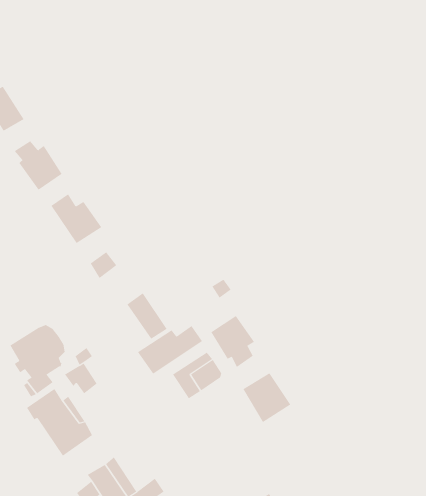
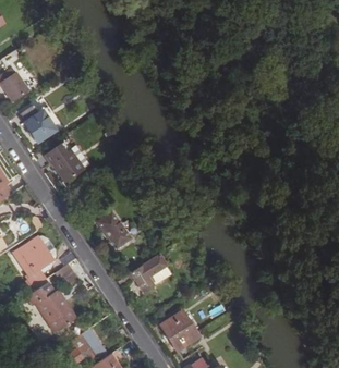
building: [210,315,255,368] -> none
building: [137,325,203,375] -> none
building: [243,373,291,423] -> [161,314,196,349]

